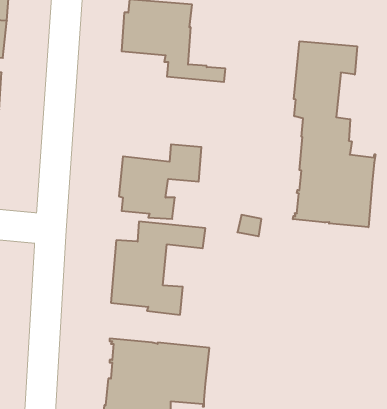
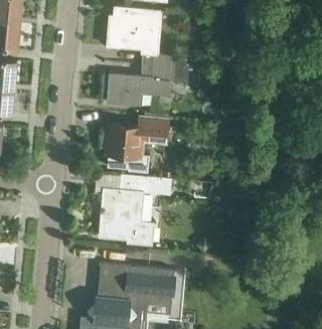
building: [293,41,375,227] -> none
building: none -> [107,65,188,108]

